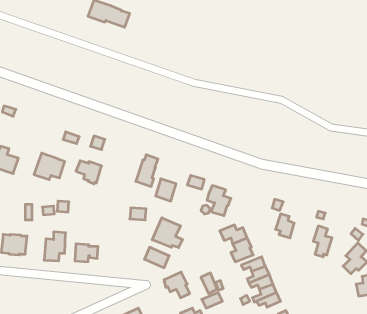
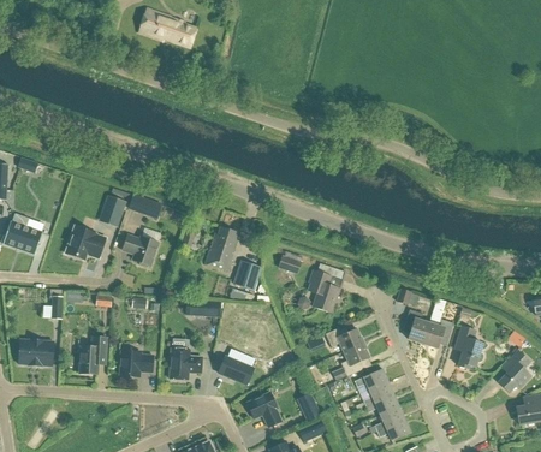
building: none -> [422,311,453,347]
building: [152,218,183,248] -> none
building: none -> [168,347,202,379]

